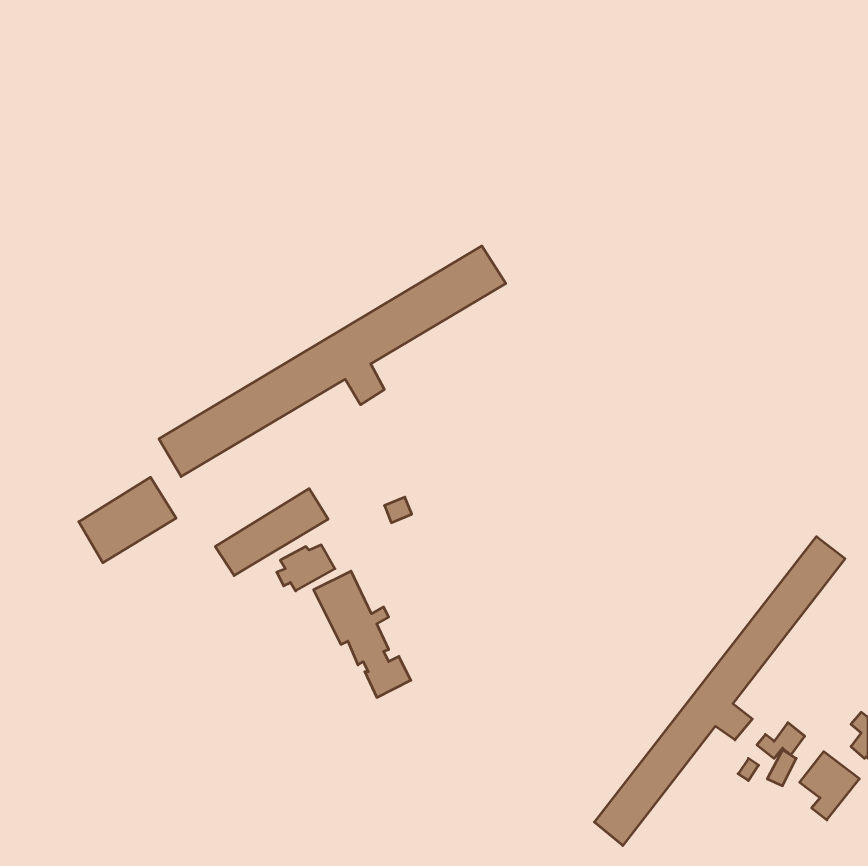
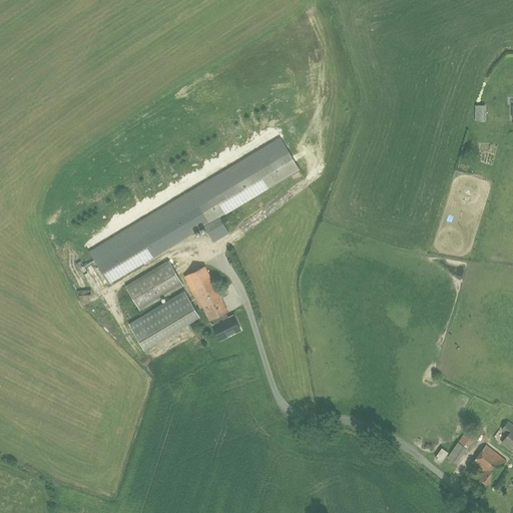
building: [79,477,176,563] -> [123,256,180,307]
building: [594,537,845,846] -> none
building: [314,571,411,697] -> [181,262,238,336]

